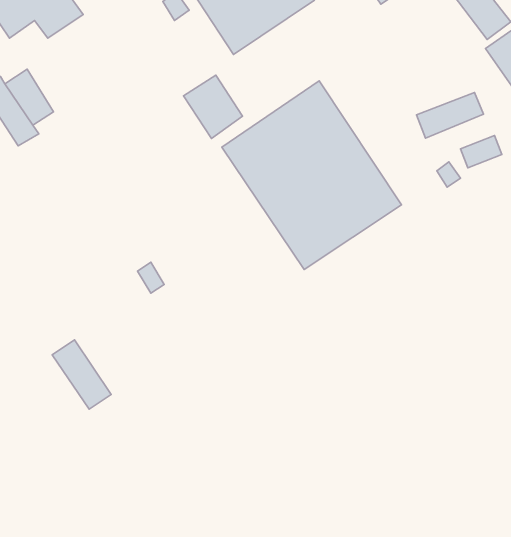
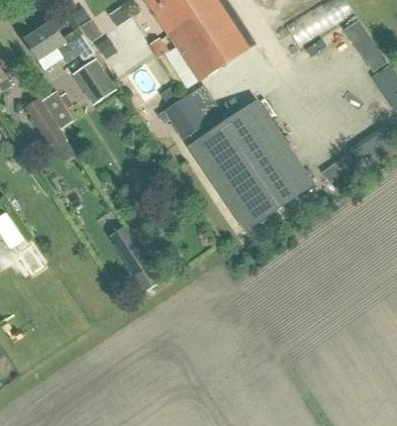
building: none -> [71,60,113,104]
building: [416,93,483,138] -> none
building: [52,340,111,409] -> [120,244,161,292]

